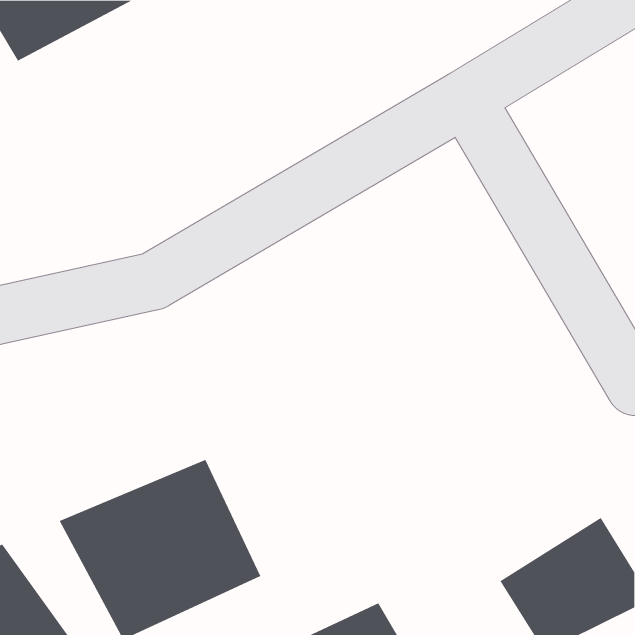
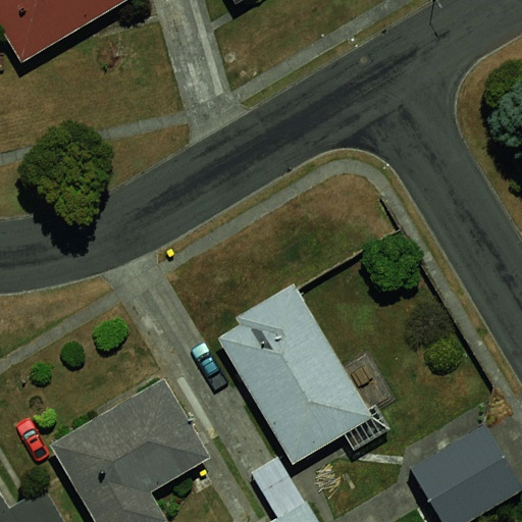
building: none -> [205,286,372,466]

